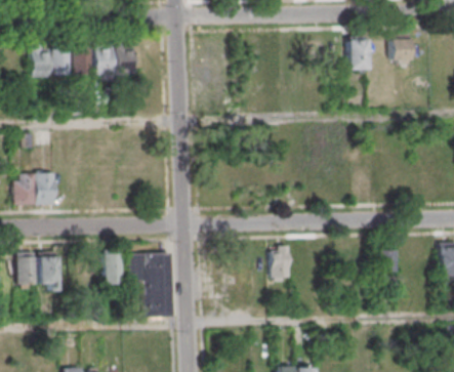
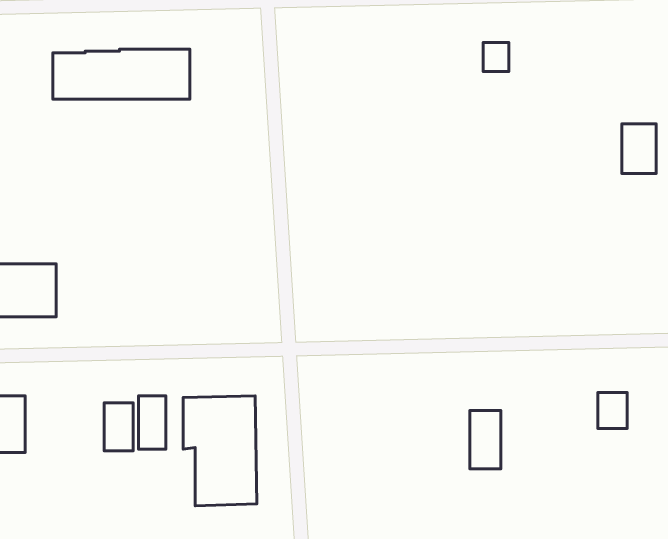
building: [391,35,412,65] -> [622,124,656,173]
building: [349,39,370,71] -> none
building: [31,46,51,77] -> none
building: [273,247,291,282] -> [470,410,501,469]
building: [40,252,59,292] -> none

